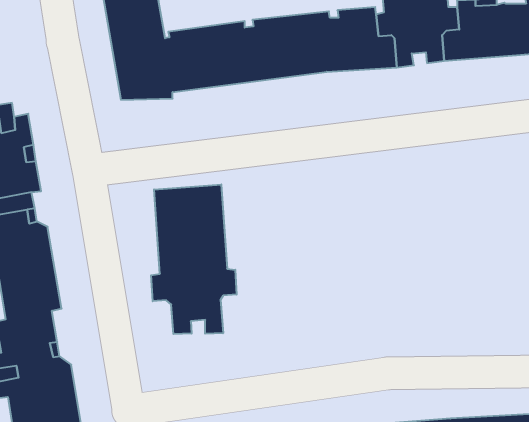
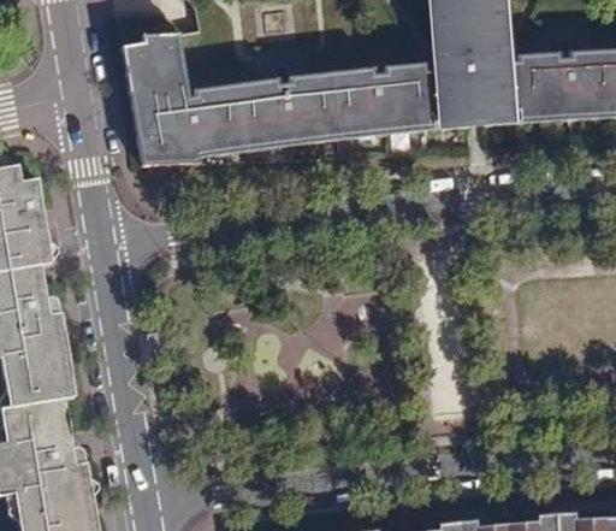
building: [151,184,237,334] -> none

